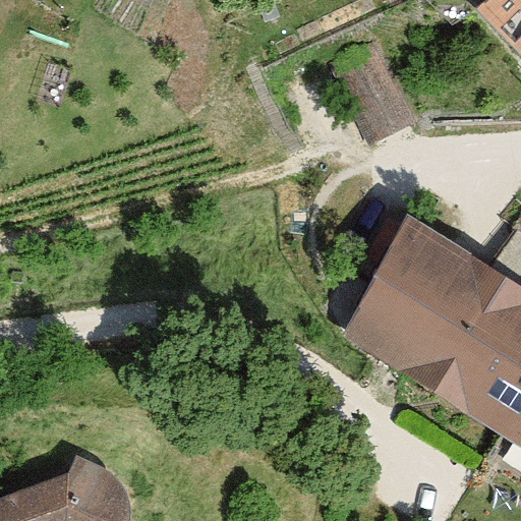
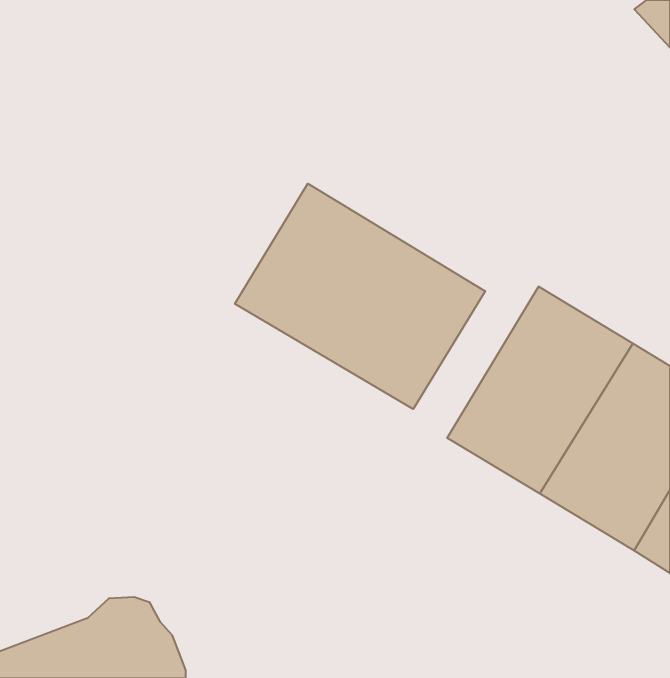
building: none -> [235,184,485,409]

